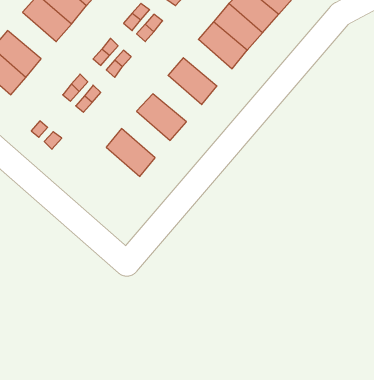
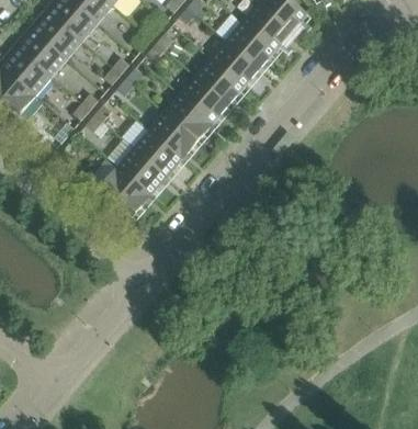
building: none -> [18,31,67,78]
building: none -> [195,58,245,105]
building: none -> [165,94,214,142]
building: none -> [133,131,182,178]
building: none -> [102,167,151,214]

